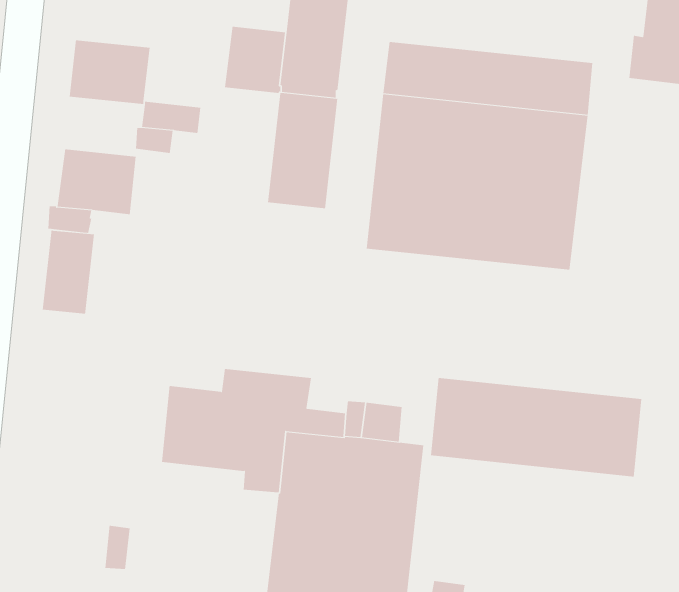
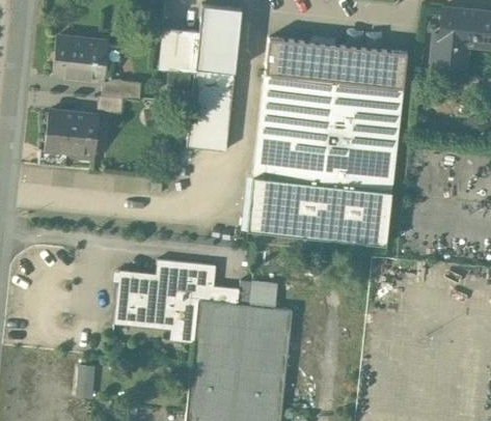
building: [42,229,94,314] -> none
building: [430,377,642,477] -> [248,177,391,245]

